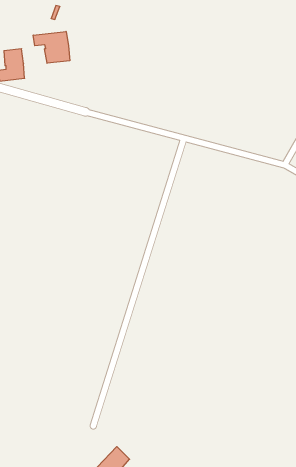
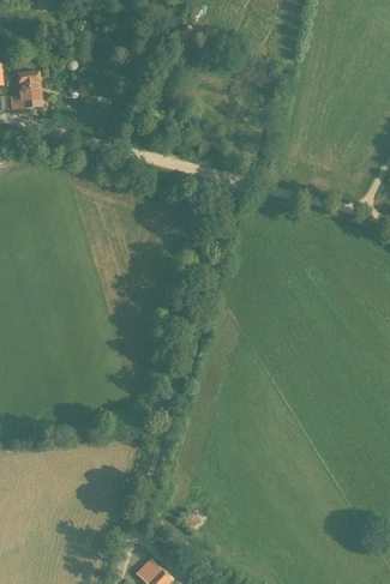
building: [33,31,70,63] -> none

